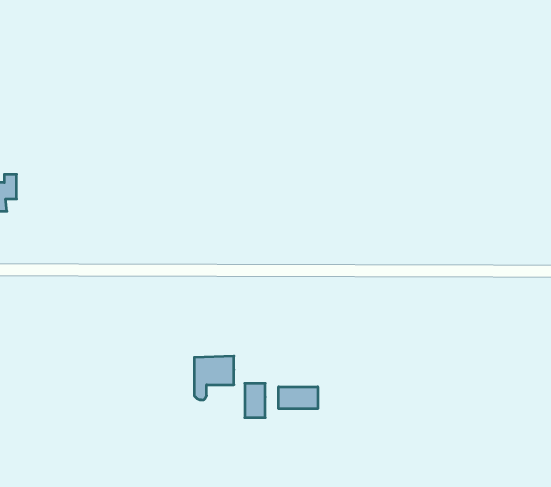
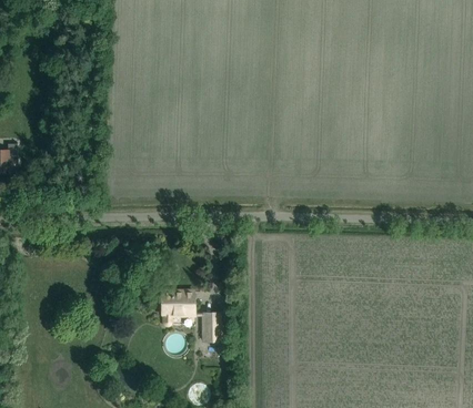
building: [279,387,318,409] -> none

